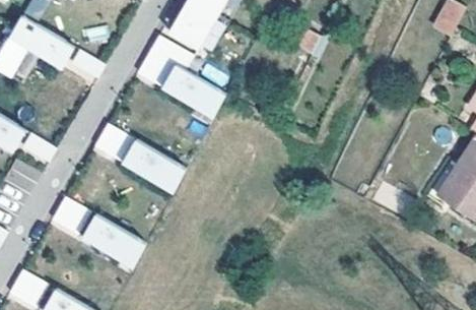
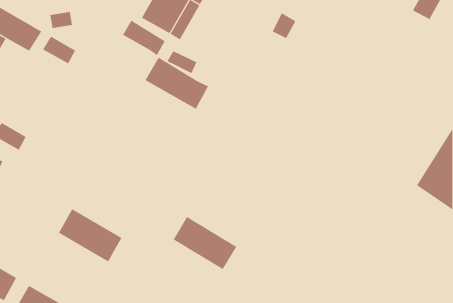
building: [137,49,177,86] -> none
building: [94,122,134,160] -> none
building: [130,143,192,195] -> [173,216,237,270]
building: [52,195,91,233] -> none

